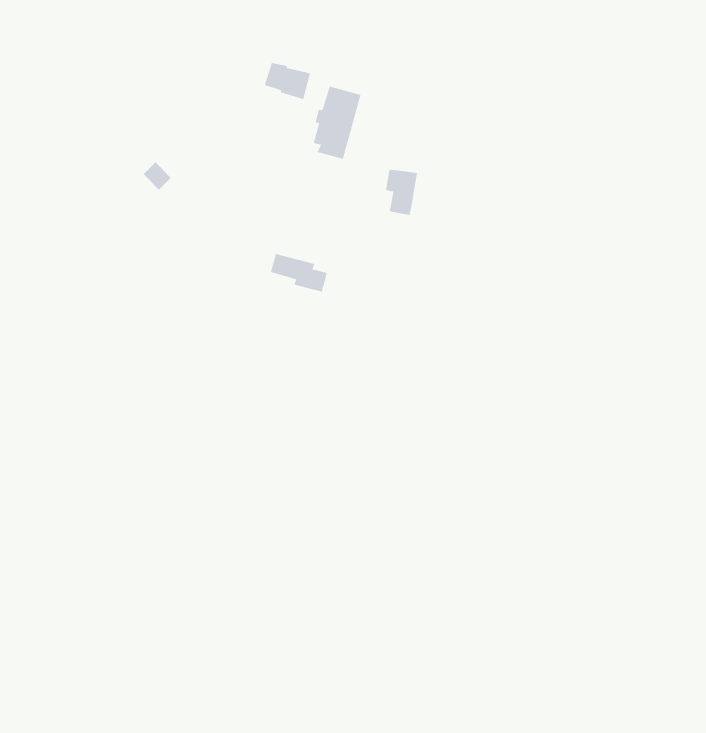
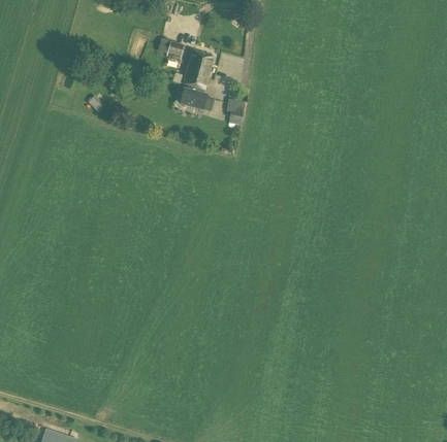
building: [270,253,328,292] -> [182,88,215,110]

